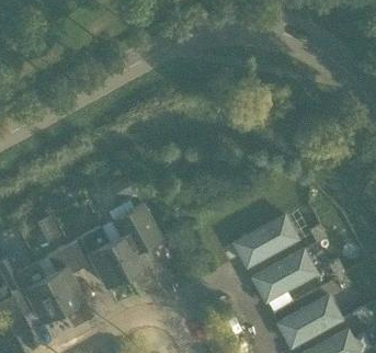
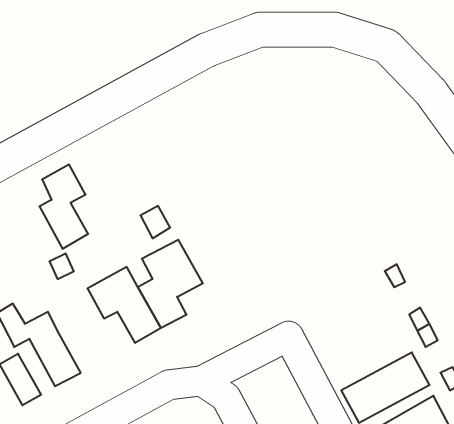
building: [232,214,301,270] -> none
building: [47,241,87,309] -> [39,165,88,249]
building: [252,248,322,305] -> none

